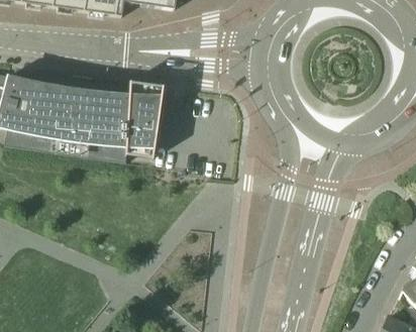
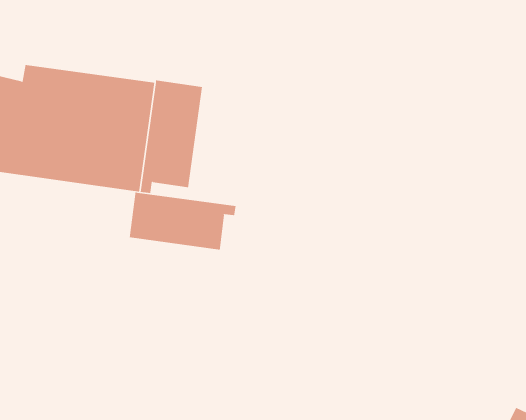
building: none -> [129,192,236,250]

